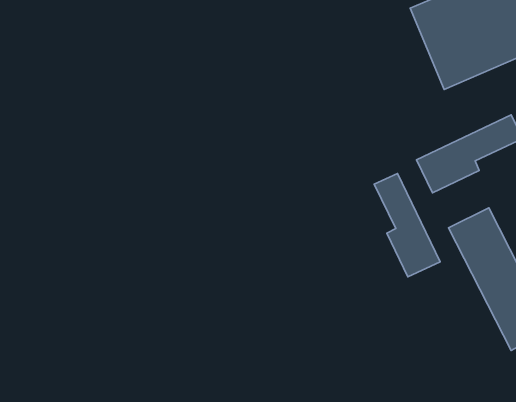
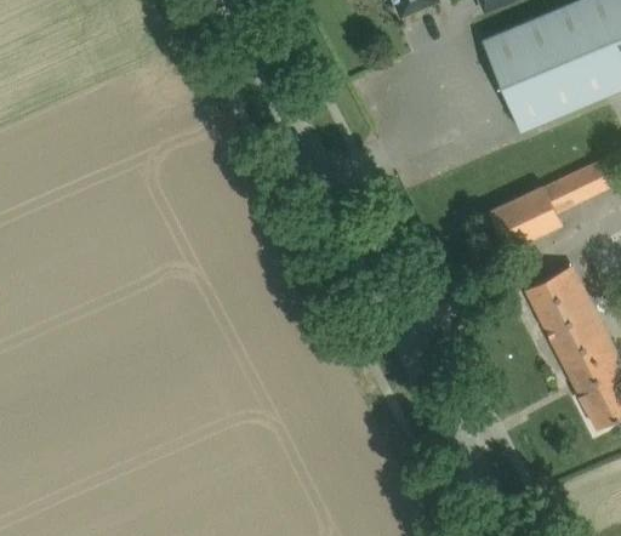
building: [374,173,440,277] -> none

